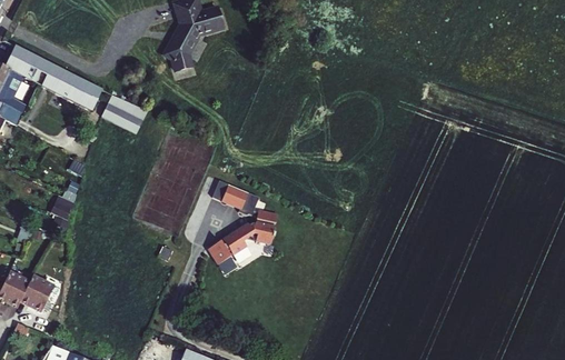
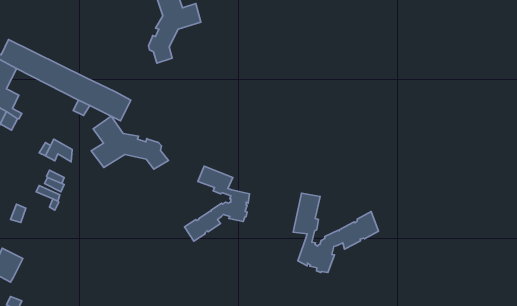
building: none -> [91,116,168,169]
building: none -> [293,193,379,272]
building: [20,277,53,312] -> none

